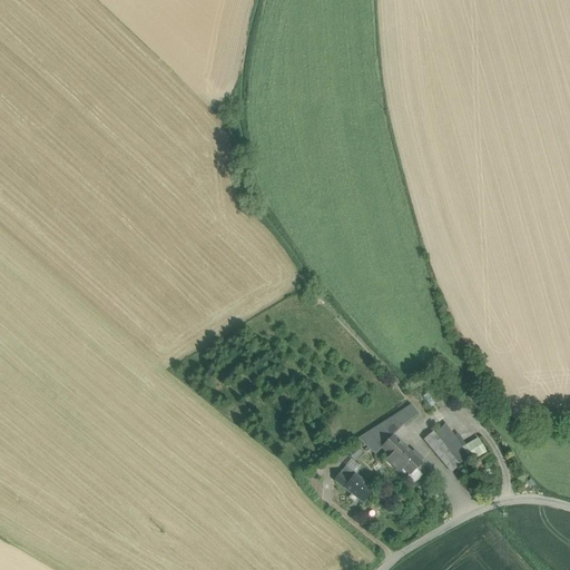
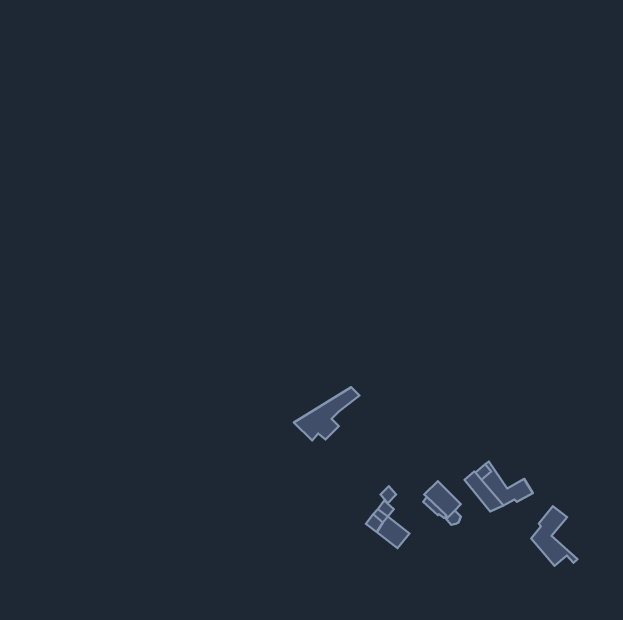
building: [358,404,419,453] -> [294,387,360,441]
building: none -> [531,506,577,566]

